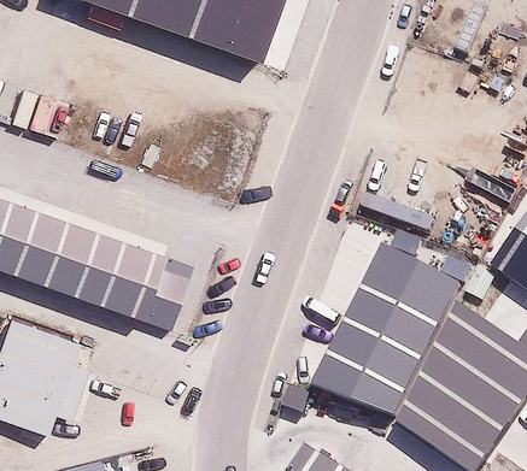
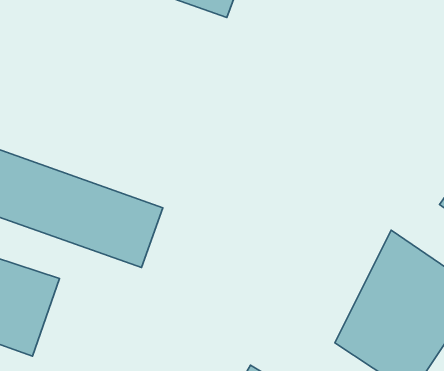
building: [303,237,446,411] -> none

